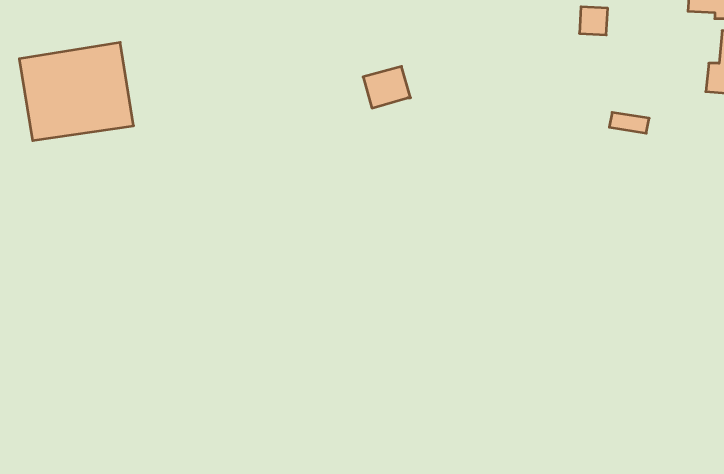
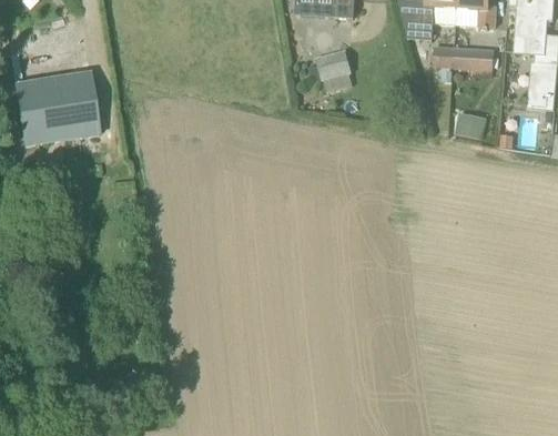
building: none -> [453,47,494,73]
building: [363,66,411,108] -> [316,49,352,80]

